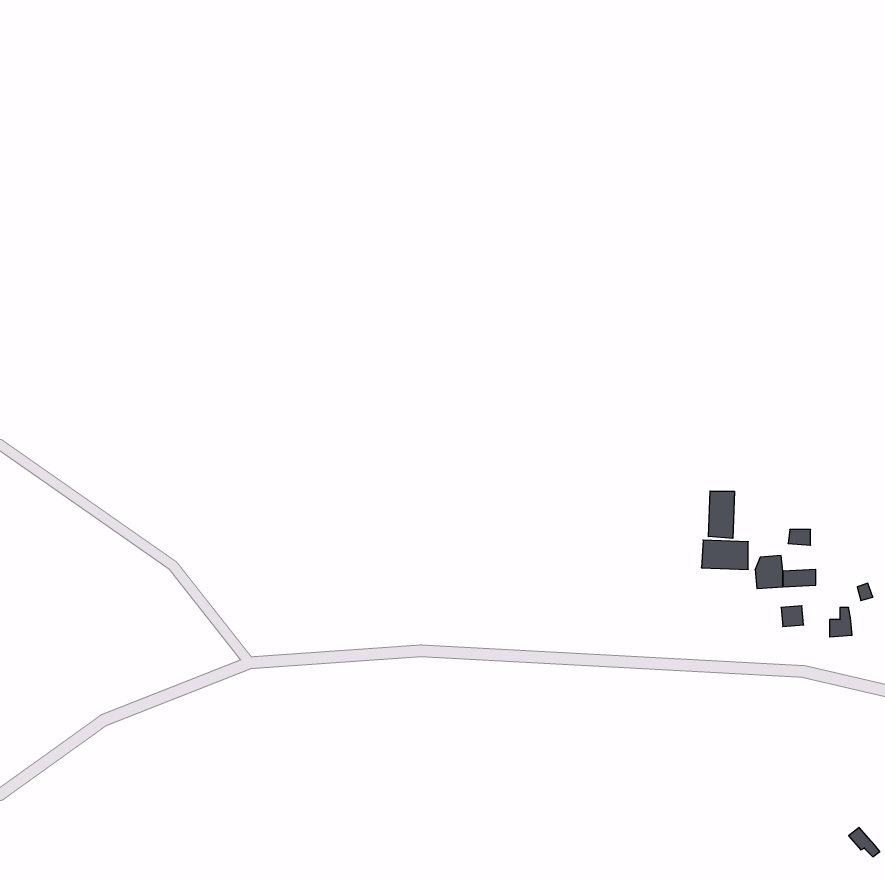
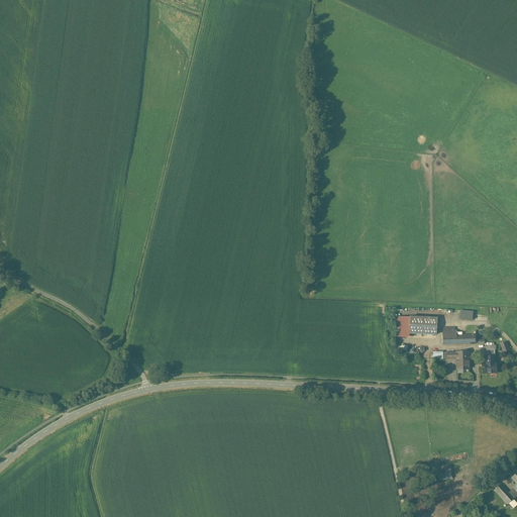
building: [708,491,734,538] -> none

